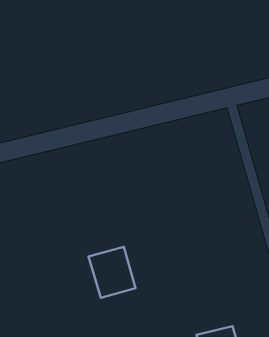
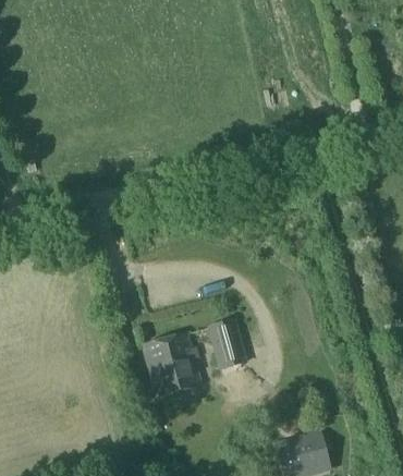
building: none -> [207,318,243,370]

